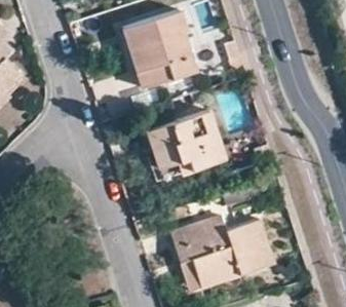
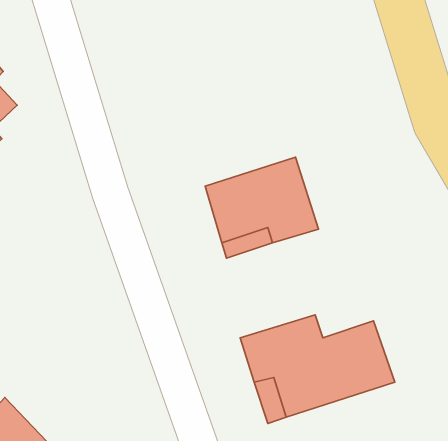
building: [121,10,194,87] -> none

